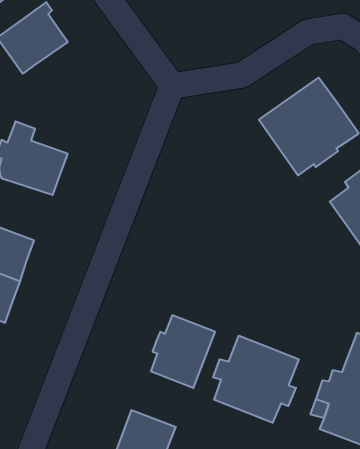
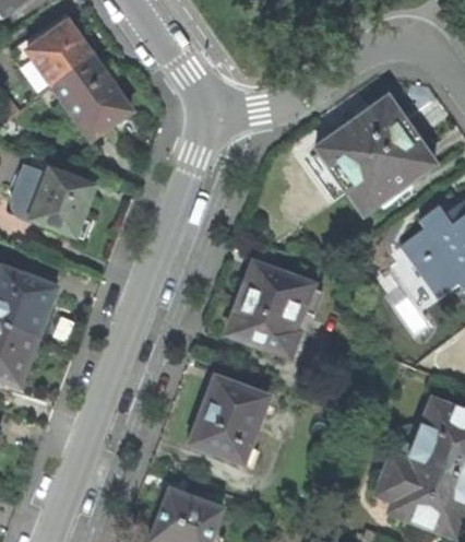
building: none -> [55,57,132,138]
building: none -> [226,262,312,357]
building: [213,336,299,423] -> none

